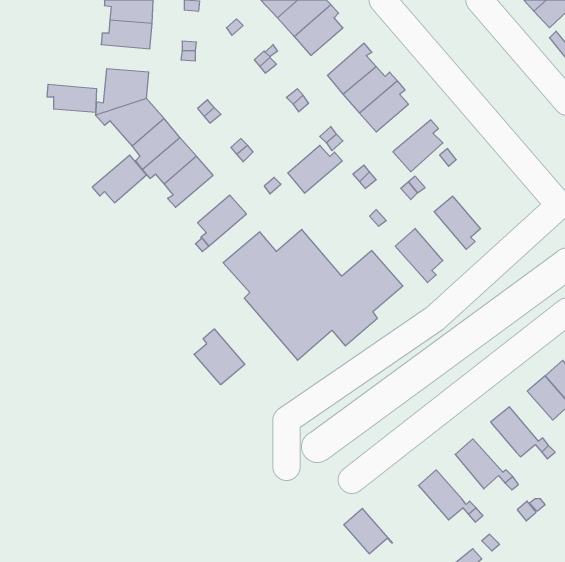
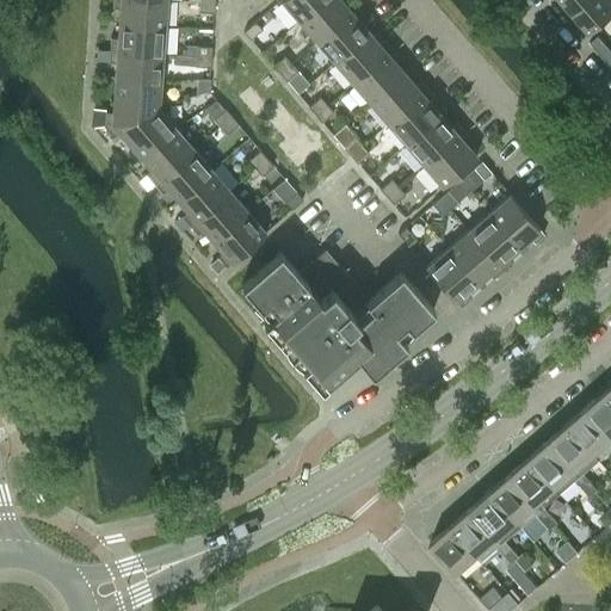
building: none -> [337,35,394,86]
building: [47,84,97,112] -> [110,53,163,82]
building: [288,145,342,193] -> [407,117,465,168]
building: [92,155,147,203] -> [191,193,249,245]
building: none -> [489,197,545,251]
building: none -> [449,233,504,285]
building: [194,329,245,385] -> none
building: none -> [550,426,601,480]
building: none -> [511,459,562,513]
building: none -> [471,494,523,548]
building: [344,508,393,554] -> [432,527,485,576]

